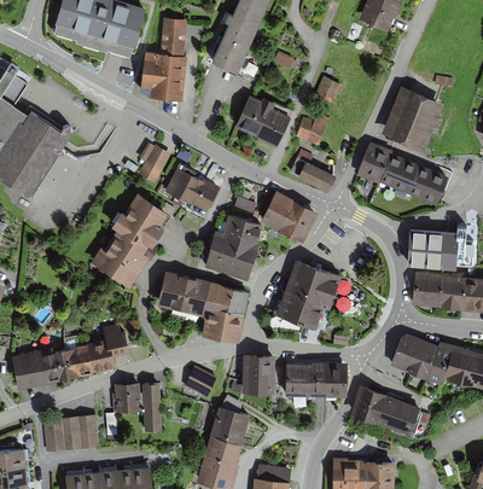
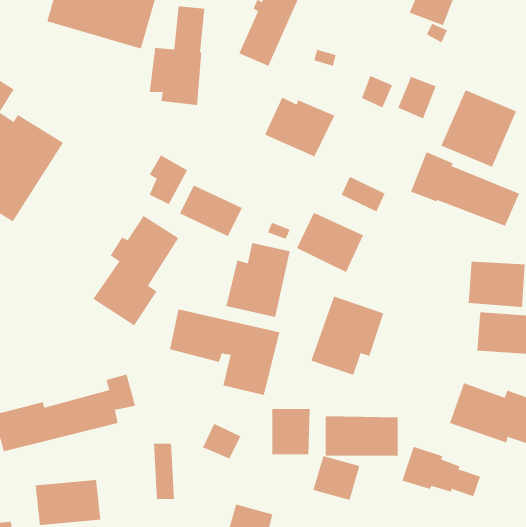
building: [297,111,330,147] -> [398,76,437,119]
building: [115,384,140,413] -> none
building: [211,406,251,443] -> [313,456,360,500]

